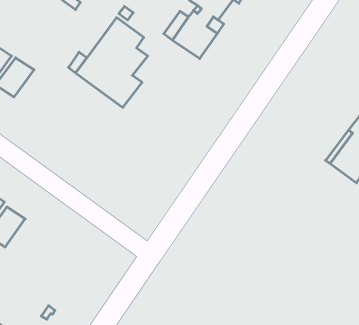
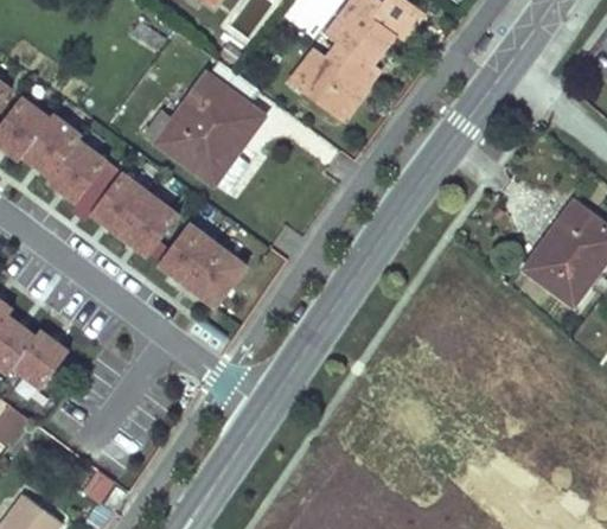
building: none -> [62,144,120,202]
building: none -> [102,177,186,255]
building: none -> [171,225,255,304]

